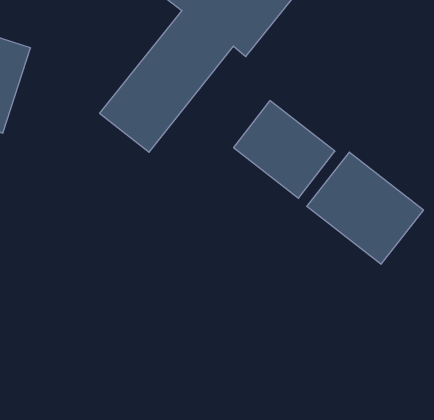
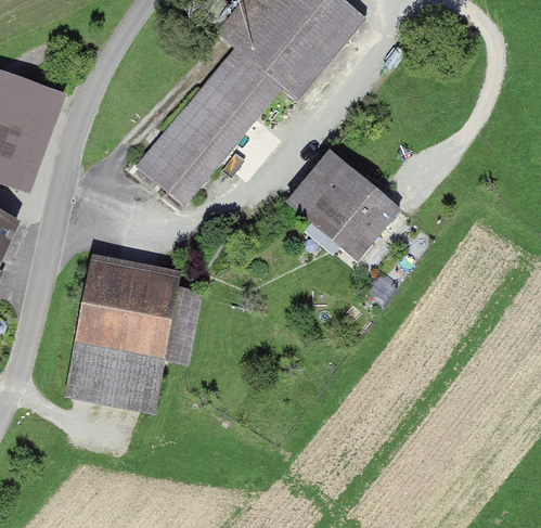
building: [307,152,423,264] -> none
building: none -> [68,256,206,413]

